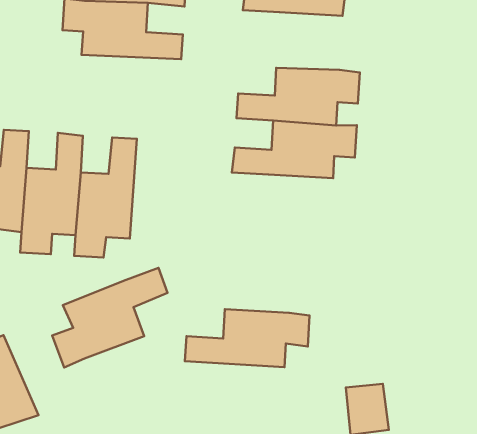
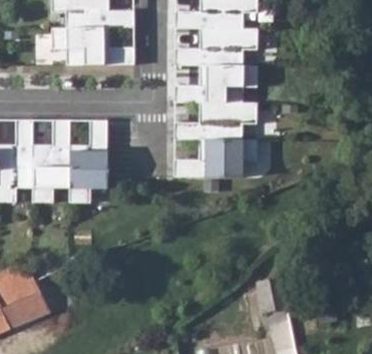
building: none -> [174,28,258,66]
building: [52,268,168,368] -> none
building: [185,309,310,367] -> [173,139,257,176]

